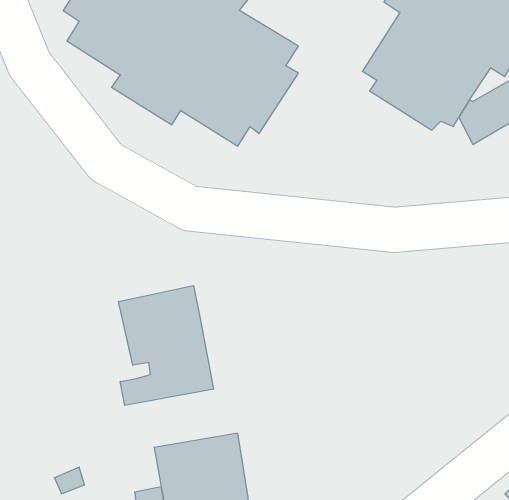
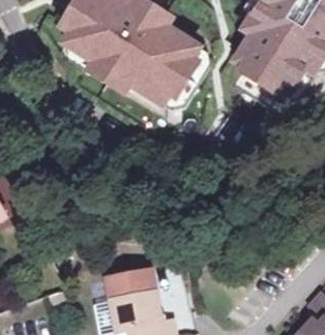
building: [119,286,214,405] -> none

